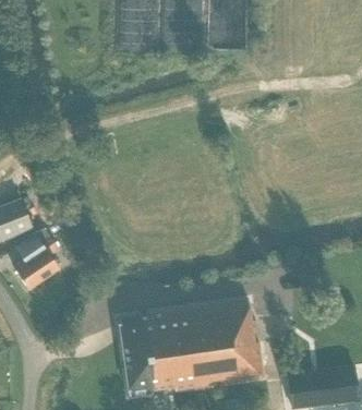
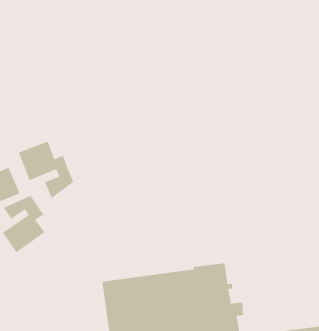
building: none -> [18,140,74,199]

